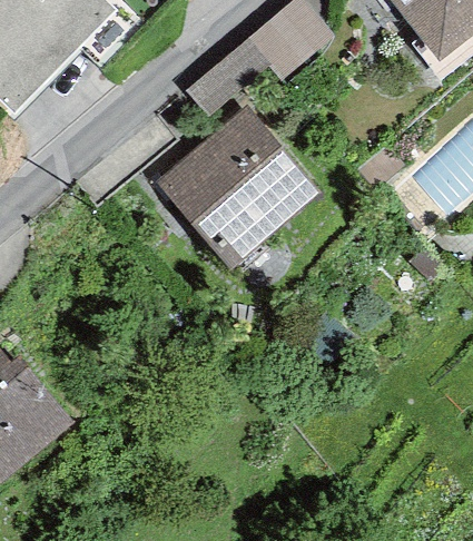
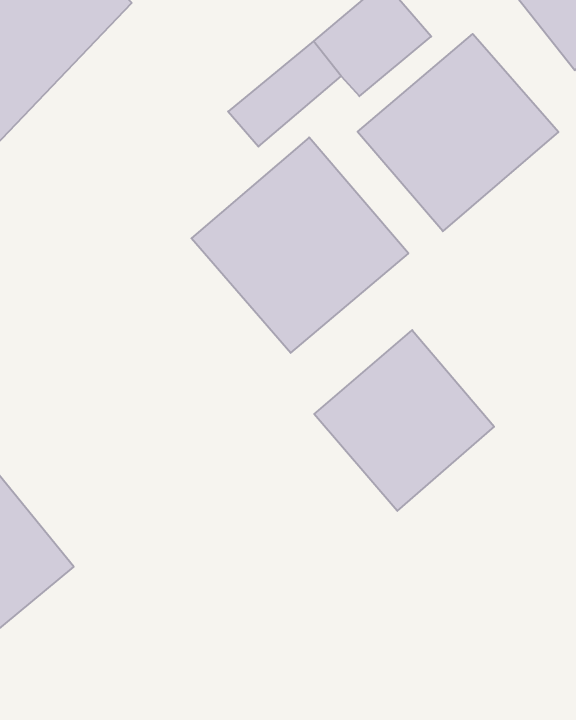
building: none -> [358,34,558,231]
building: none -> [314,330,494,511]

